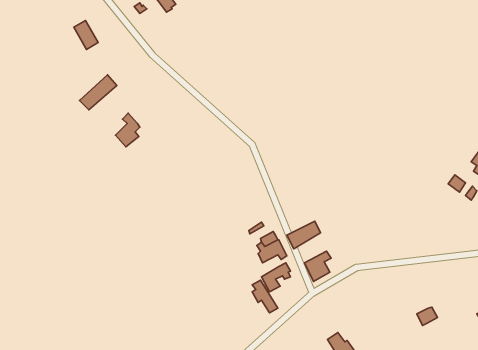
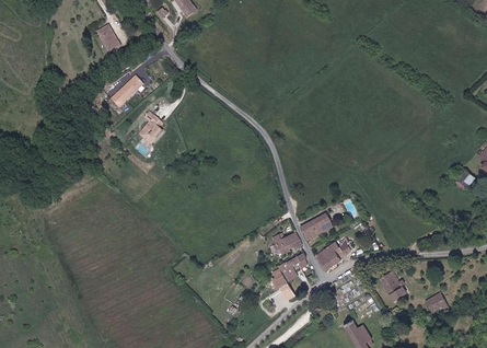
building: none -> [380,270,408,301]

